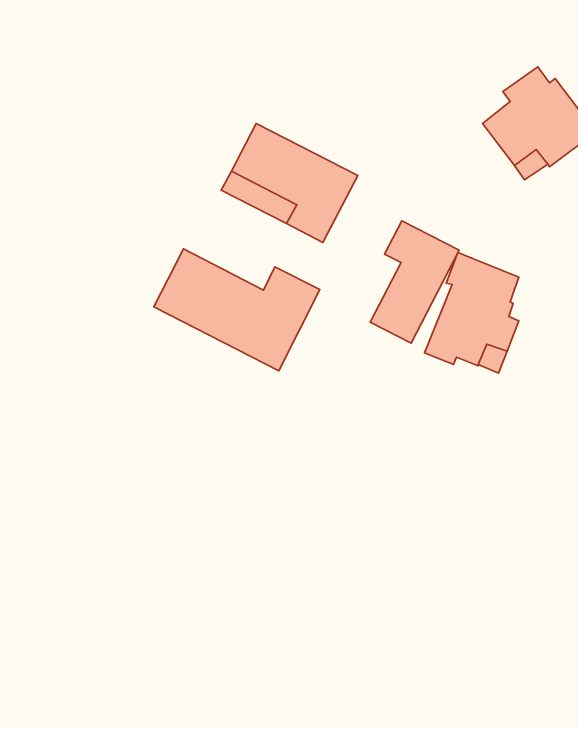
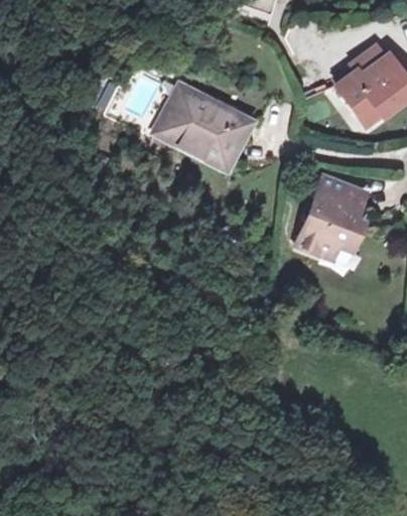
building: [370,221,459,343] -> none
building: [154,249,320,371] -> none

